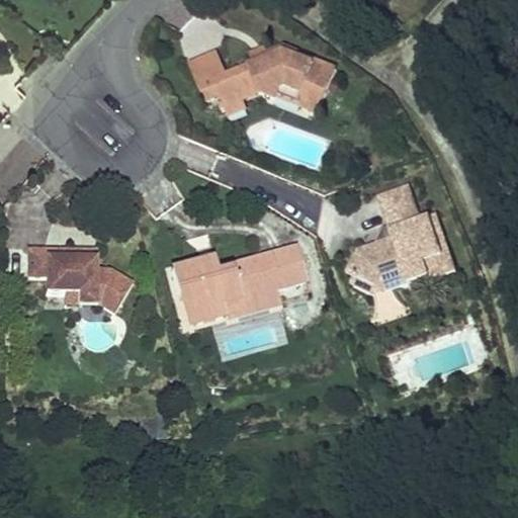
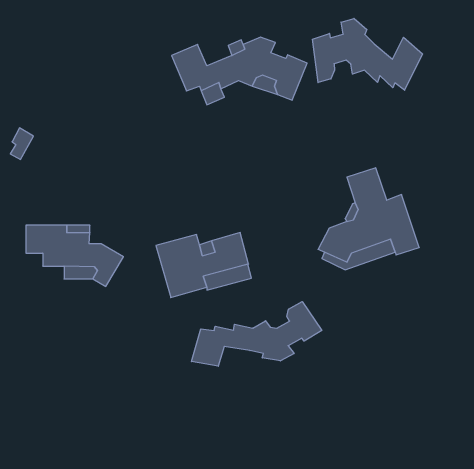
building: none -> [312,18,423,90]
building: [266,244,308,286] -> none
building: none -> [192,302,322,366]

